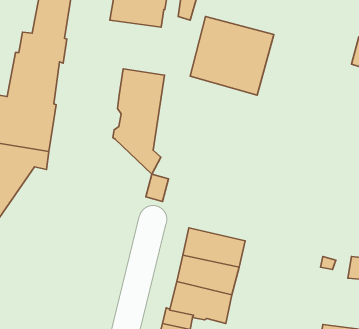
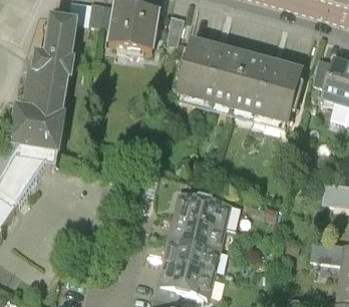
building: none -> [233,55,302,121]
building: [113,69,164,174] -> none
building: none -> [176,194,228,229]

